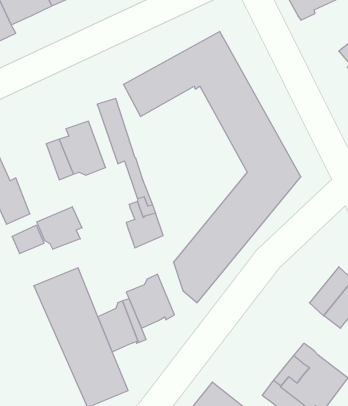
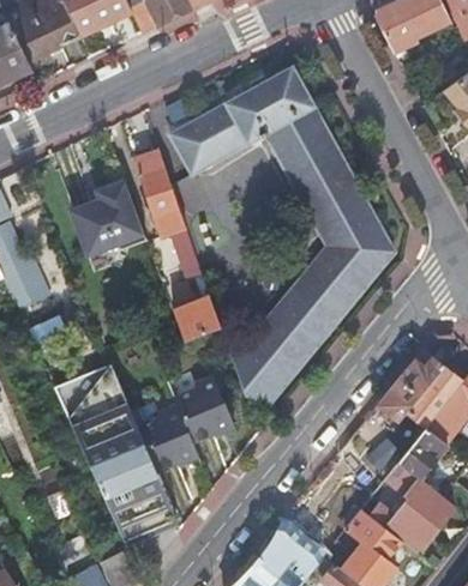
building: [37,207,82,249] -> none
building: none -> [377,350,443,423]
building: none -> [398,428,446,479]

